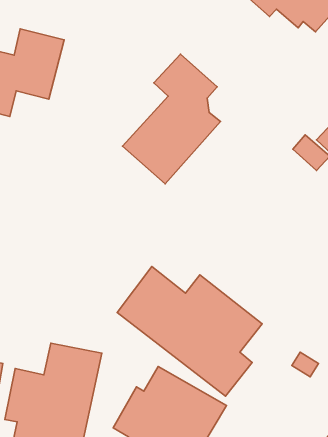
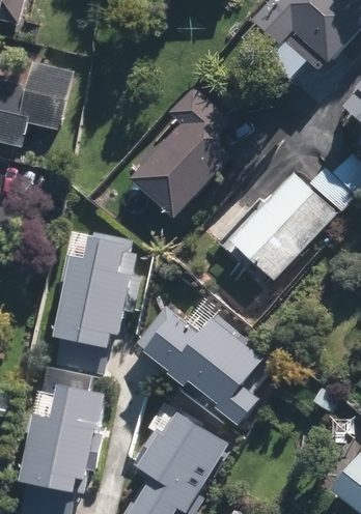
building: none -> [227,172,333,279]
building: none -> [46,222,146,380]

